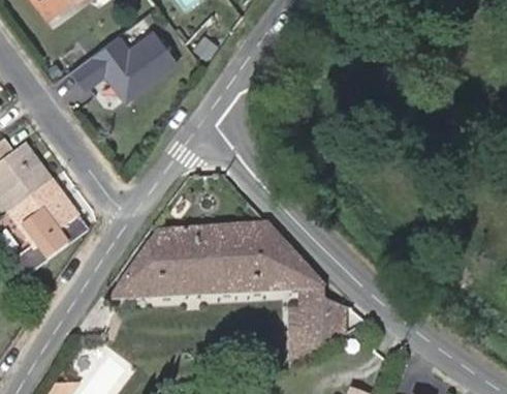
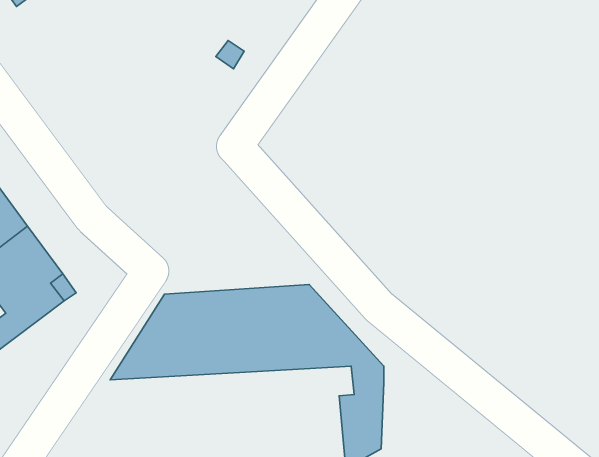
building: [72,29,178,99] -> none
building: [320,298,347,348] -> none

